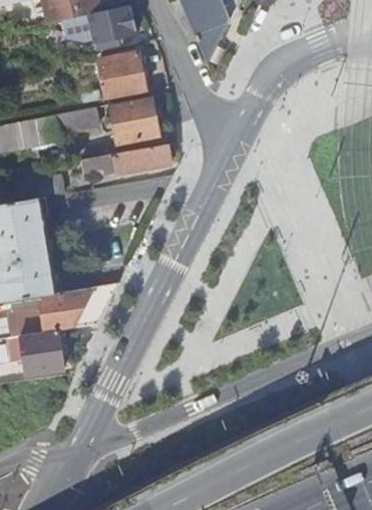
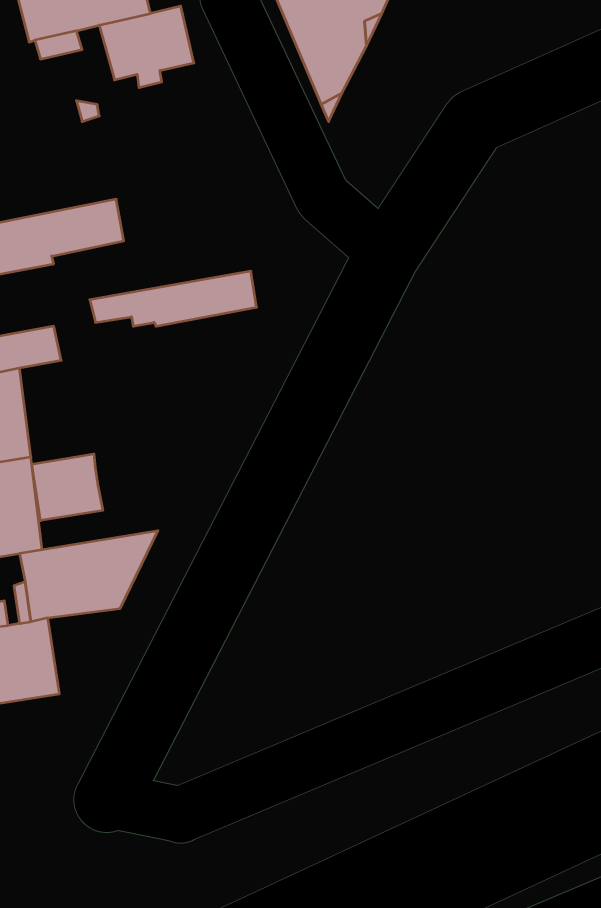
building: [96,53,145,100] -> none
building: [108,97,156,144] -> none
building: none -> [32,454,103,521]

